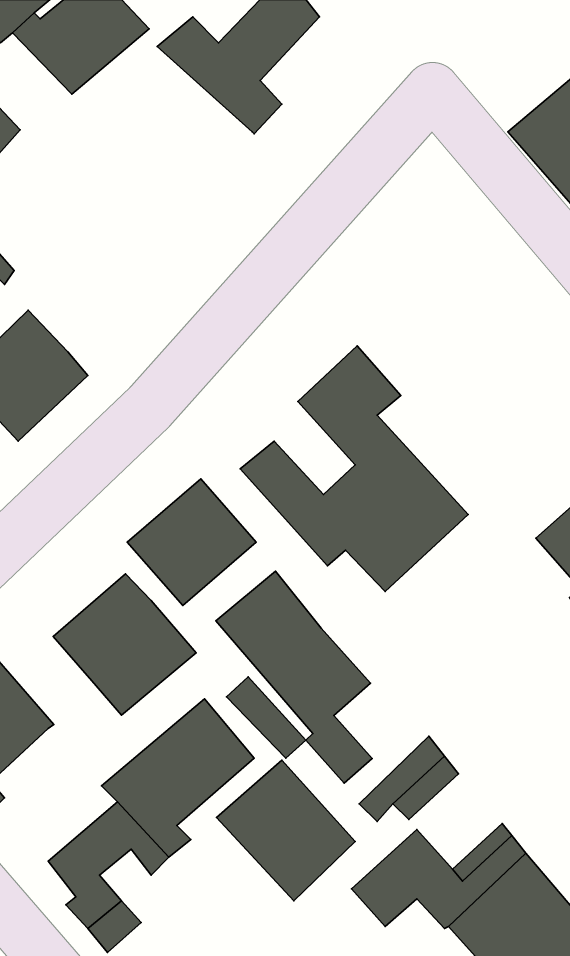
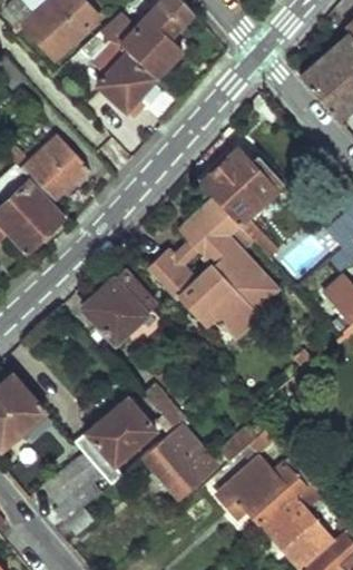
building: none -> [84,29,157,116]
building: none -> [22,137,86,200]
building: none -> [198,149,274,242]
building: [216,571,372,783] -> none
building: [53,574,196,715] -> none

